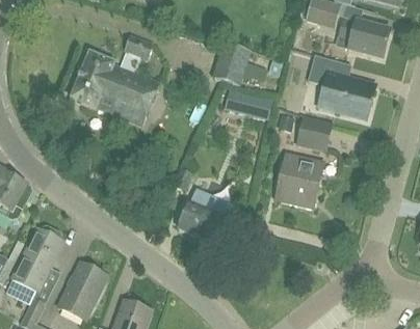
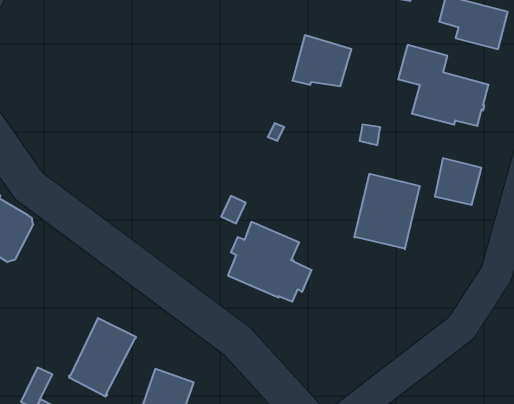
building: [70,34,159,125] -> none
building: [239,92,271,118] -> none
building: [296,115,332,150] -> [435,158,481,205]
building: [12,225,62,291] -> none

